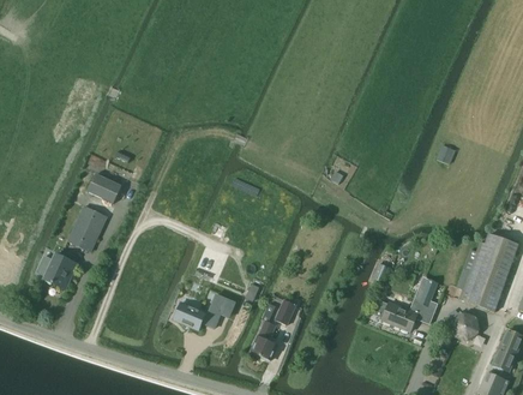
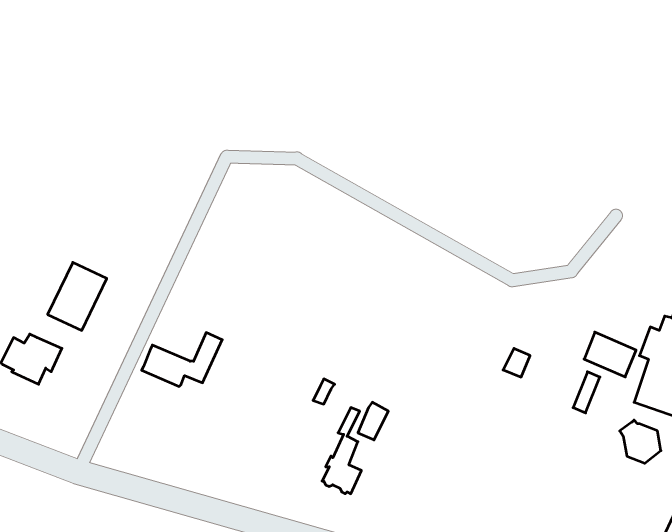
building: [86,173,121,203] -> none
building: [173,294,227,330] -> [142,333,222,386]
building: [381,301,416,331] -> [584,332,636,377]

